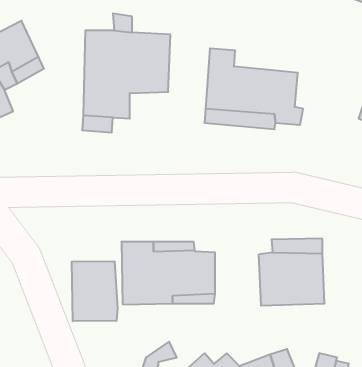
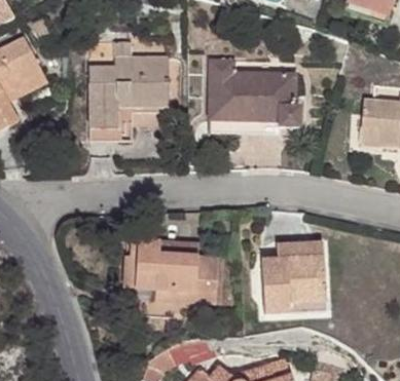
building: [72,261,118,321] -> none

